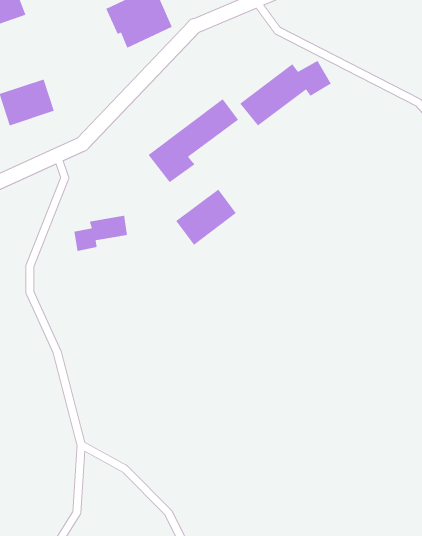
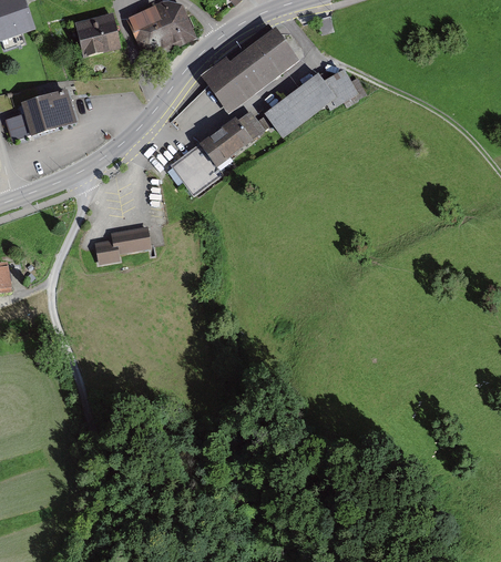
building: none -> [72,13,123,61]
building: none -> [202,25,297,113]
building: [175,189,237,246] -> none

